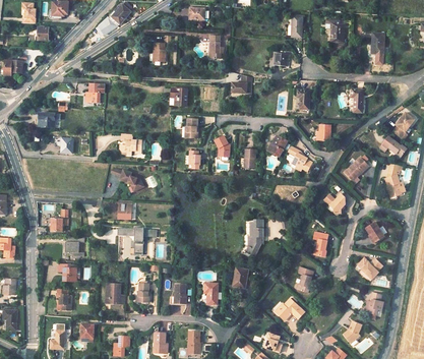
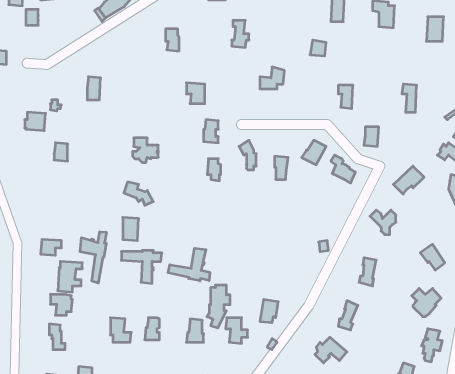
building: none -> [80,232,106,283]
building: [246,220,265,255] -> [207,285,230,328]
building: none -> [168,248,210,281]

